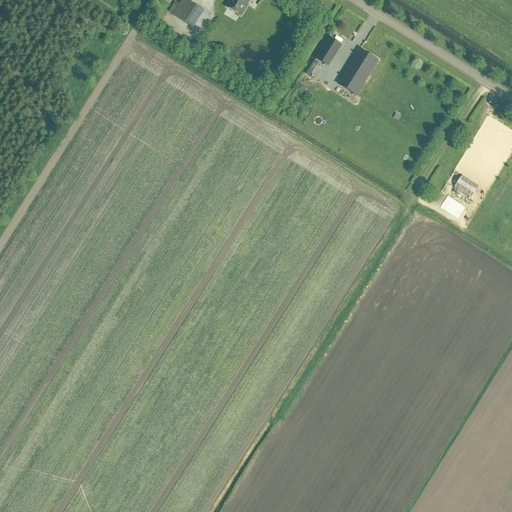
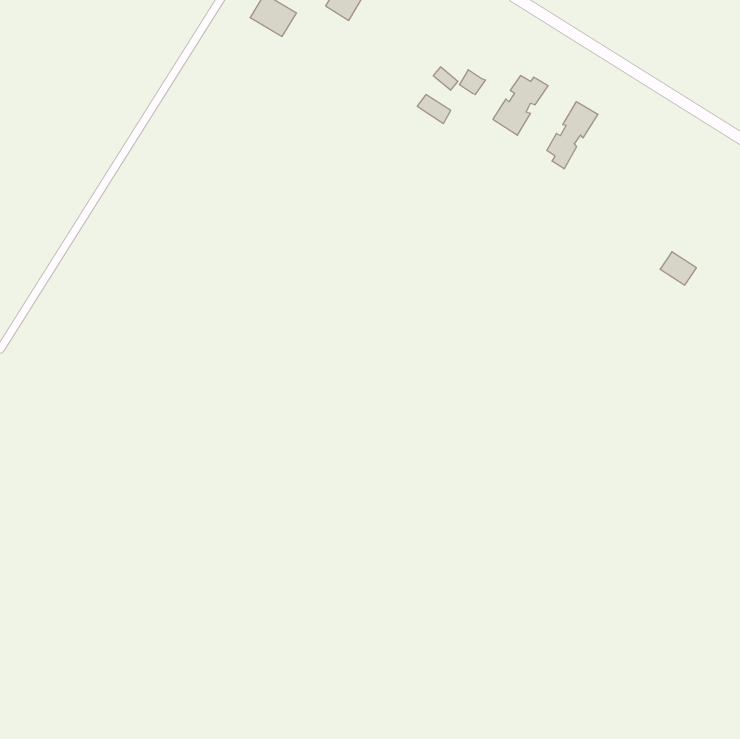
building: none -> [547,102,598,169]

